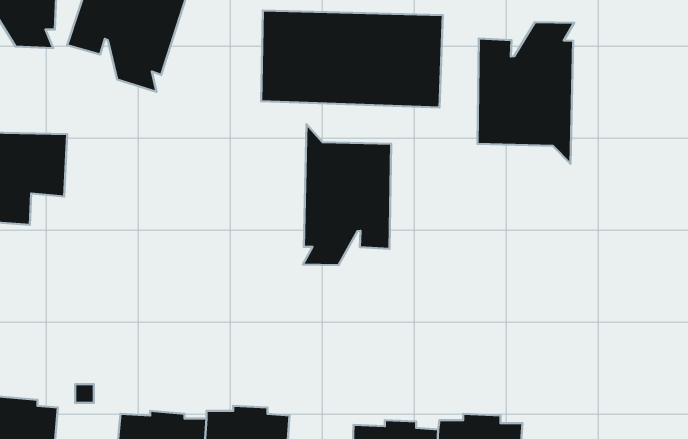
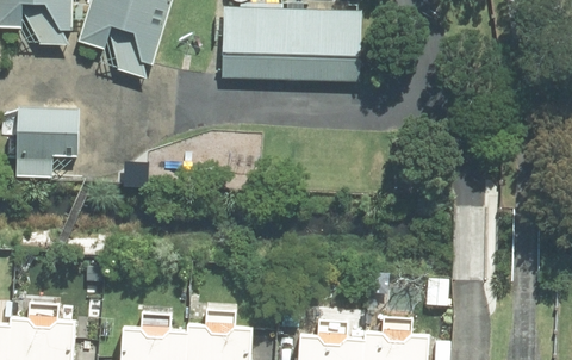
building: [477,22,574,164] -> none
building: [303,124,391,265] -> none

